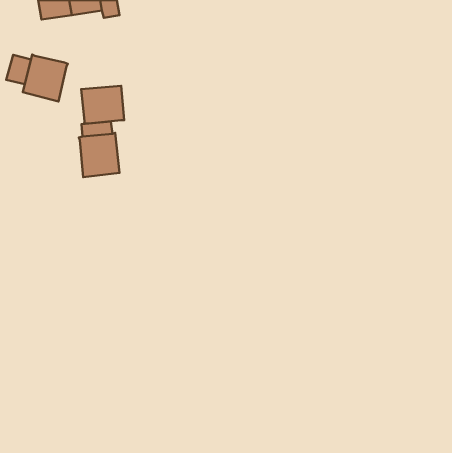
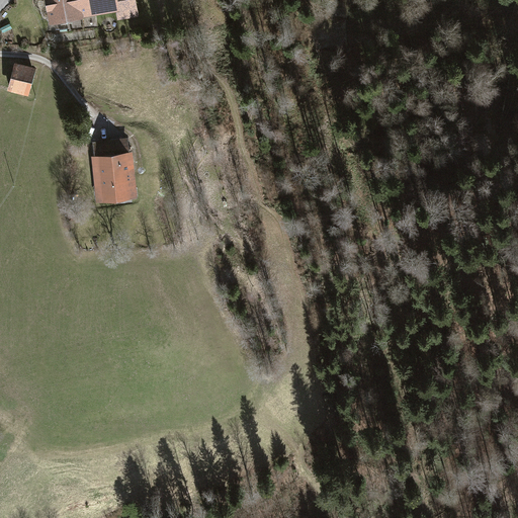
building: [23,55,68,101] -> none
building: [81,86,124,124] -> none

